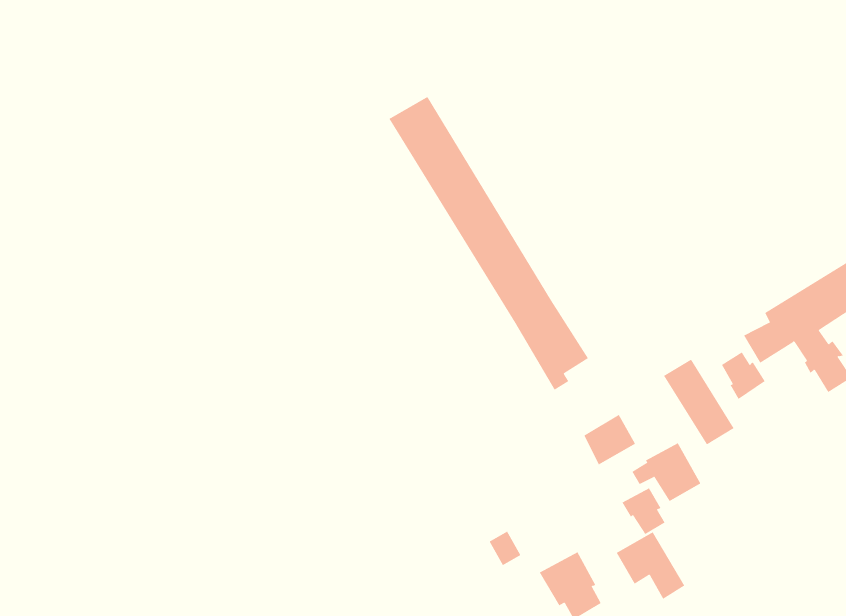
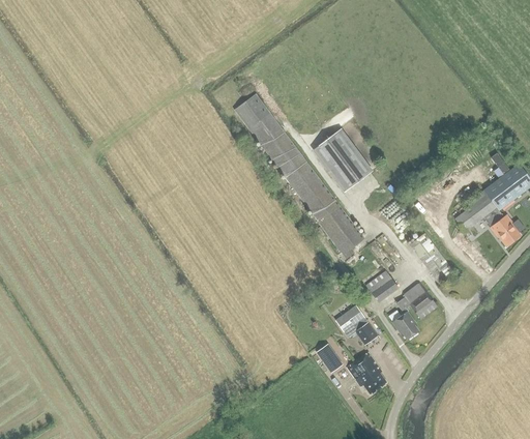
building: none -> [314,130,371,191]
building: [721,352,765,400] -> none
building: [616,531,685,599] -> [334,304,377,344]

